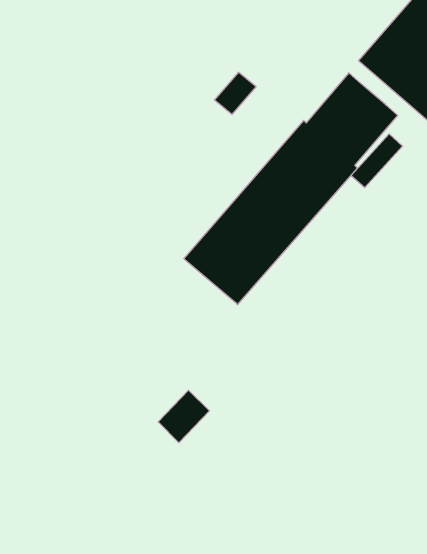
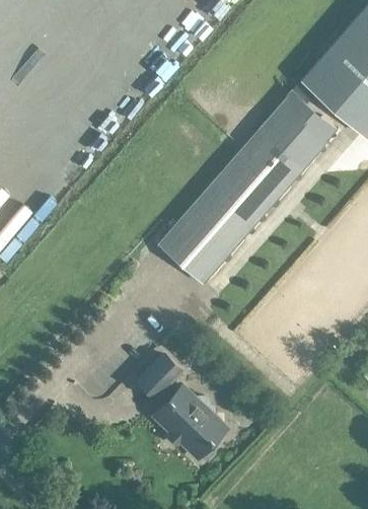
building: [215,72,256,114] -> none
building: none -> [155,387,224,456]

